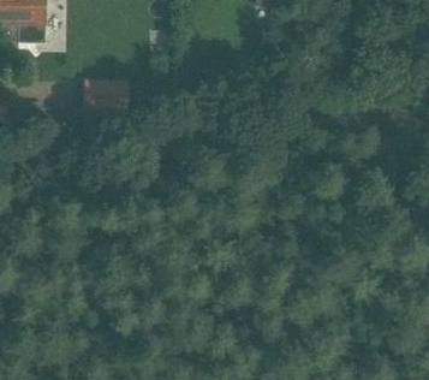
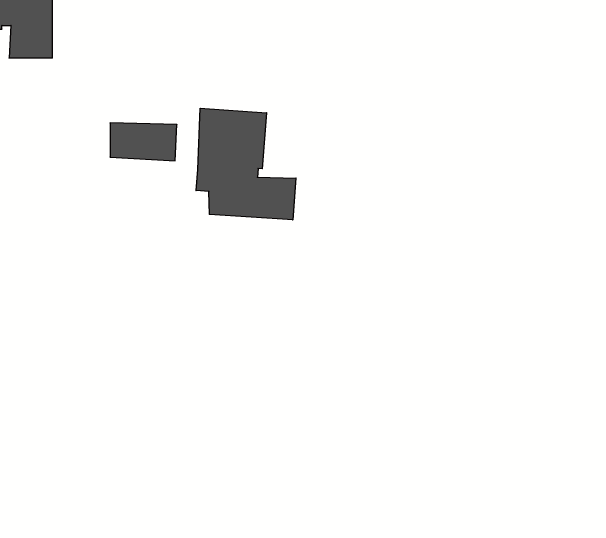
building: none -> [196,108,296,220]

